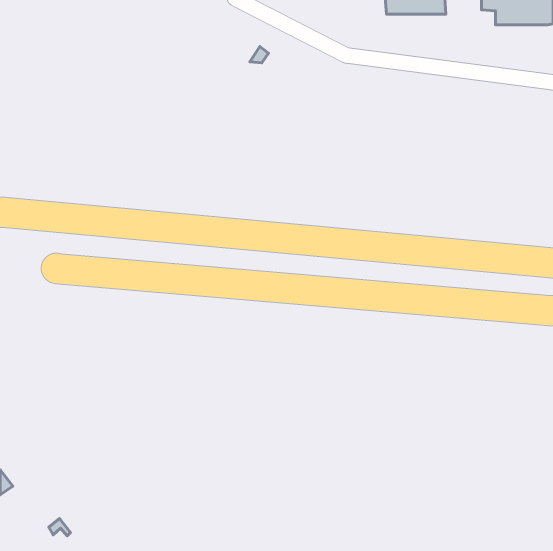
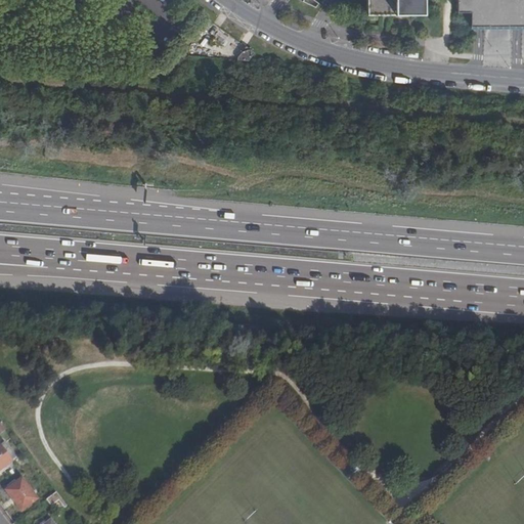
building: none -> [6,477,37,509]

